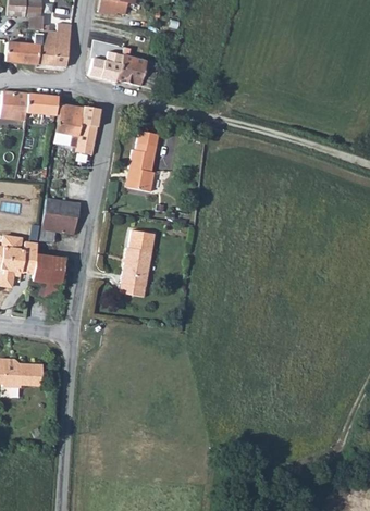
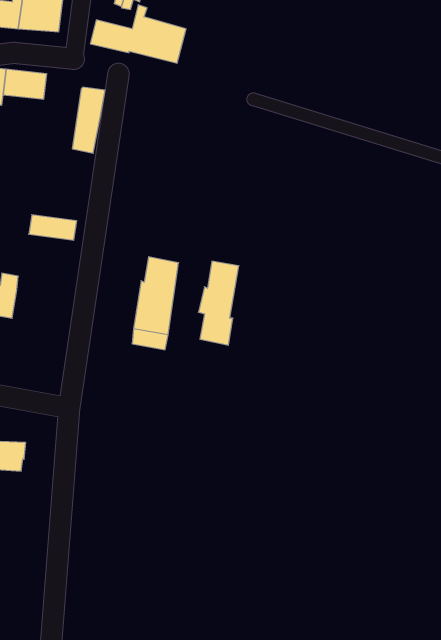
building: [55,103,83,151] -> none
building: [128,130,158,191] -> [198,261,239,345]
building: [40,213,77,242] -> none
building: [30,253,64,297] -> none

